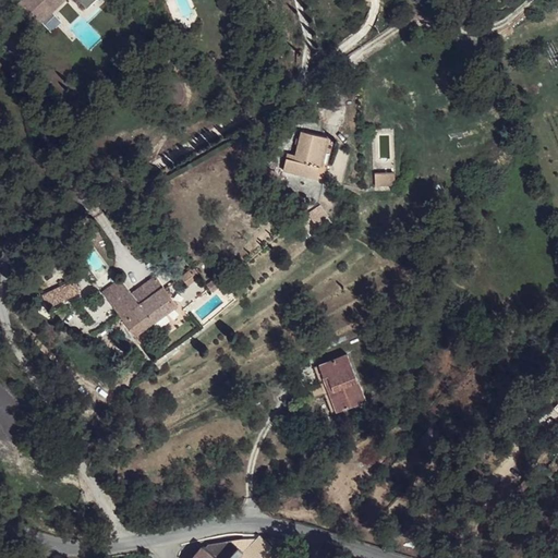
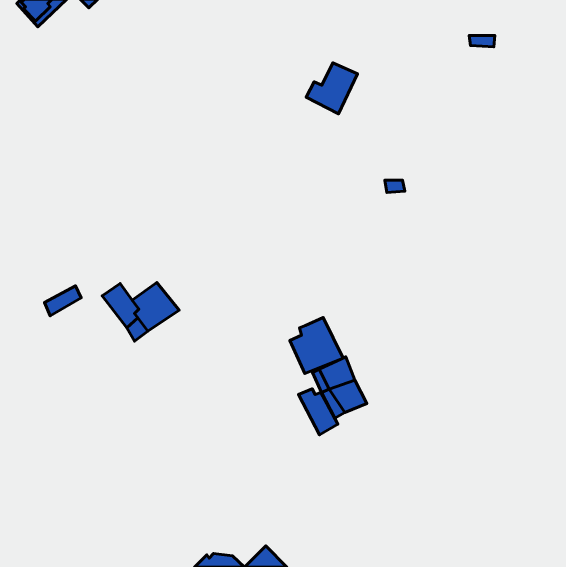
building: [282,136,332,186] -> [306,63,357,114]
building: none -> [290,318,343,373]
building: none -> [298,389,338,435]

